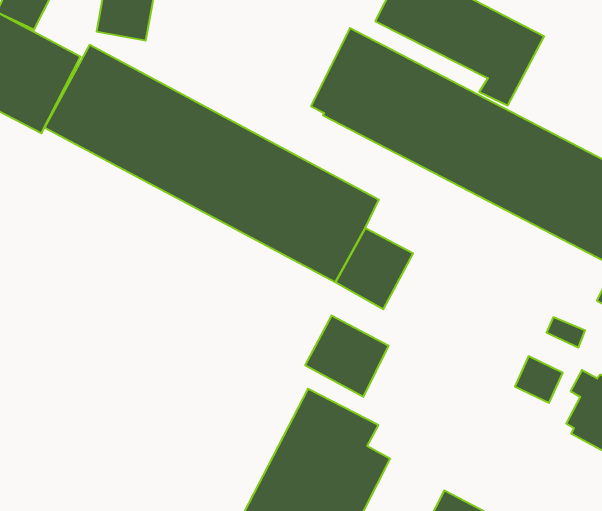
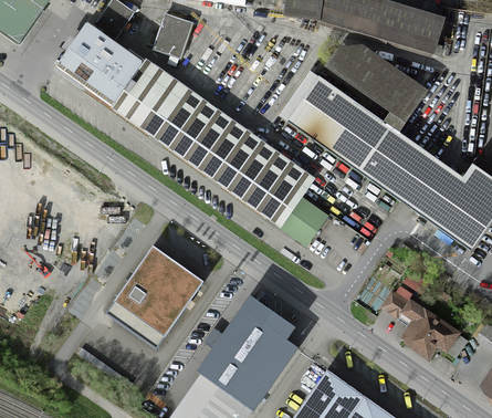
building: [305,315,389,397] -> none
building: none -> [102,239,193,338]

